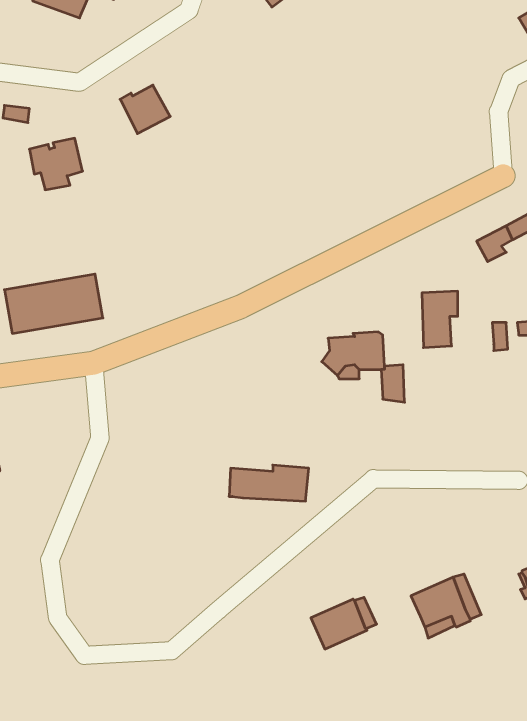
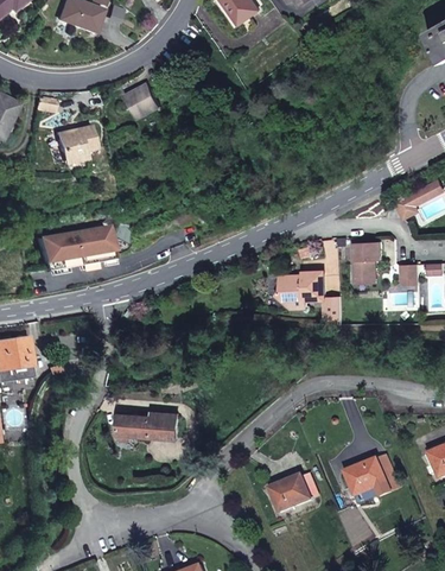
building: [229,465,309,501] -> [117,411,178,438]

